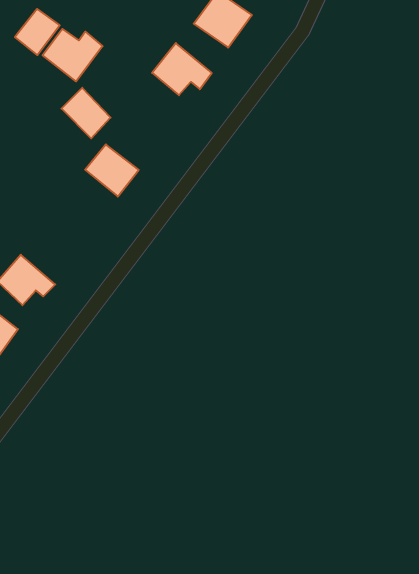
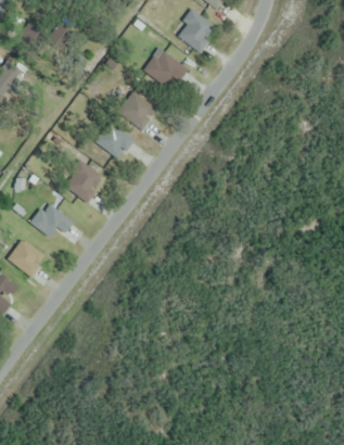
building: [43,29,103,81] -> none
building: [61,88,111,138] -> [119,92,155,129]
building: none -> [63,160,104,202]

